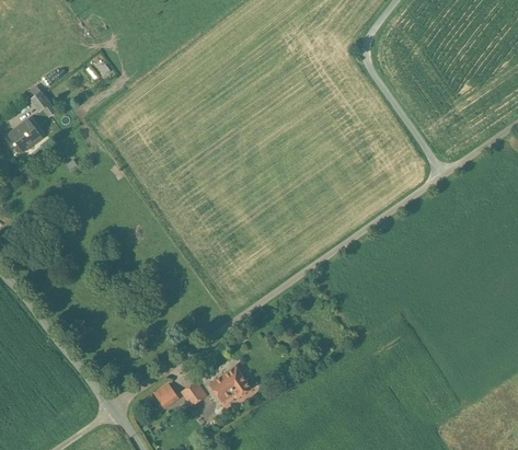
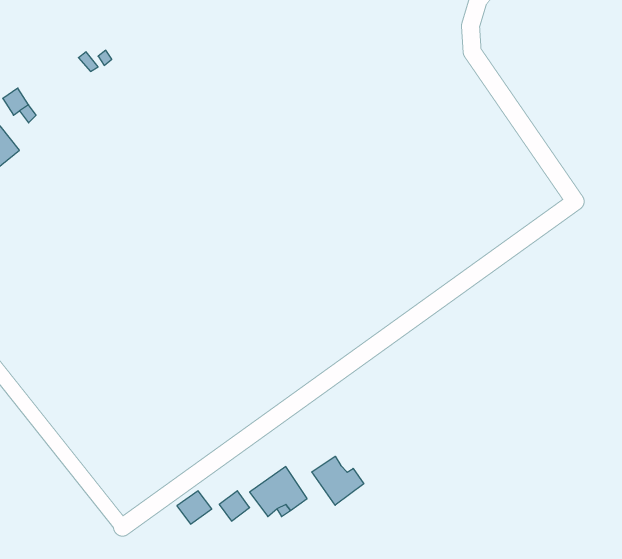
building: none -> [312,456,364,505]

